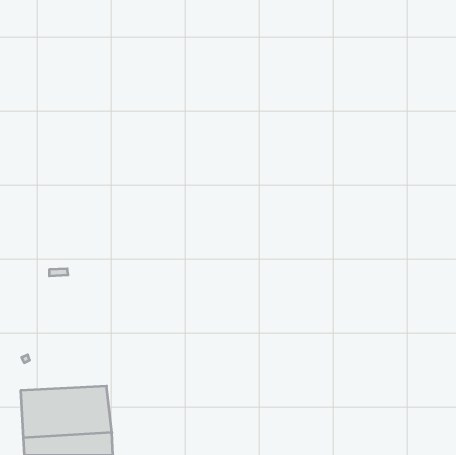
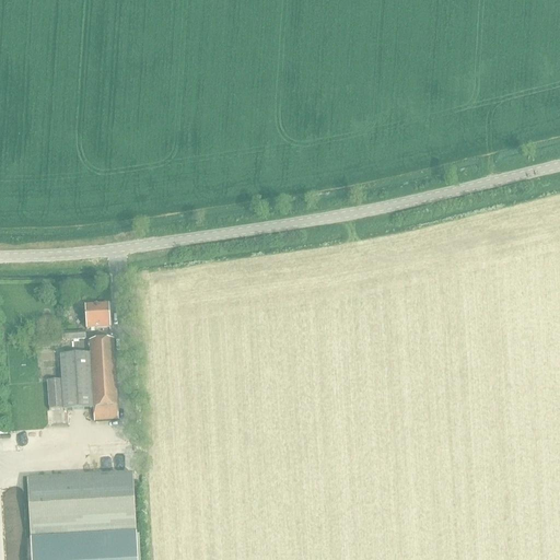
building: none -> [83,302,108,327]
building: none -> [45,337,116,419]

